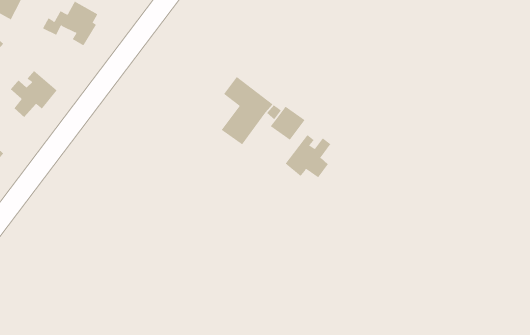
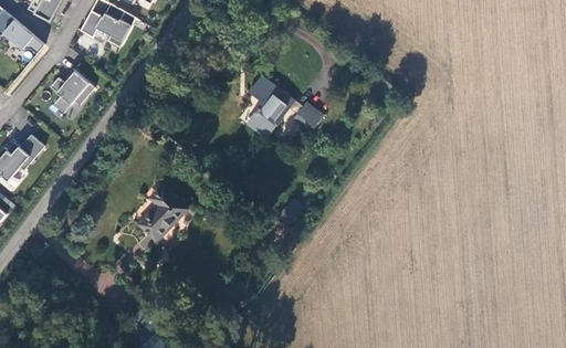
building: [285,134,331,178] -> none
building: none -> [135,186,187,242]

